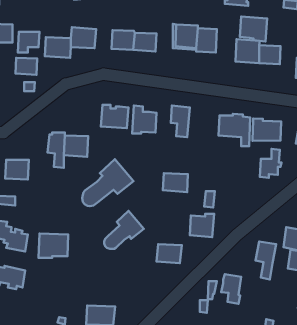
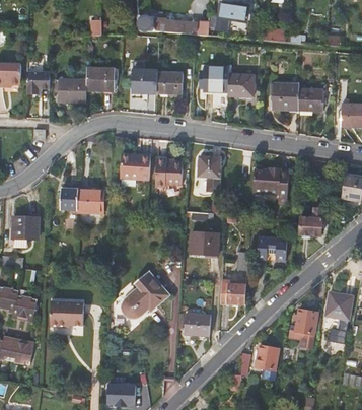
building: [240,17,267,41] -> none
building: [16,58,37,75] -> none
building: [252,119,281,141] -> none
building: [82,159,134,206] -> none
building: none -> [258,236,287,259]

